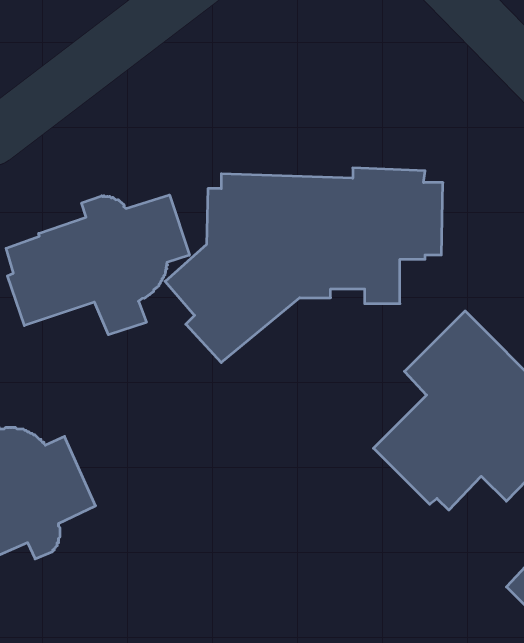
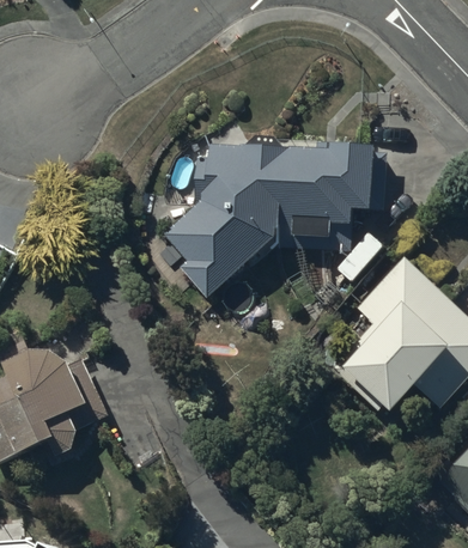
building: [6,195,189,335] -> none

